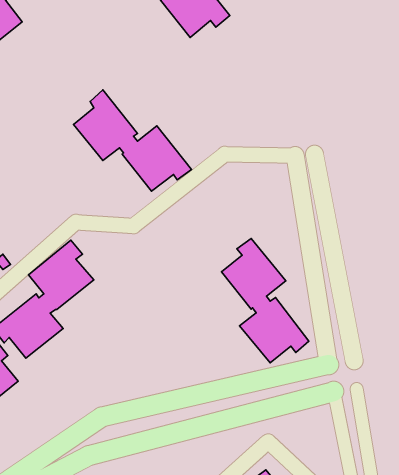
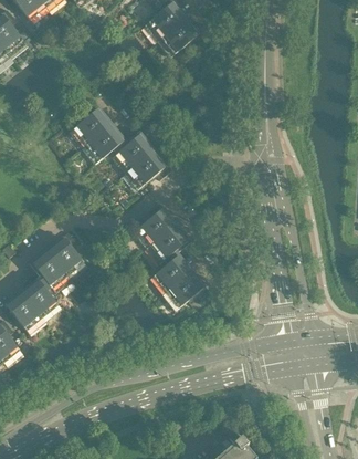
building: [222,238,309,363] -> [134,200,209,307]

